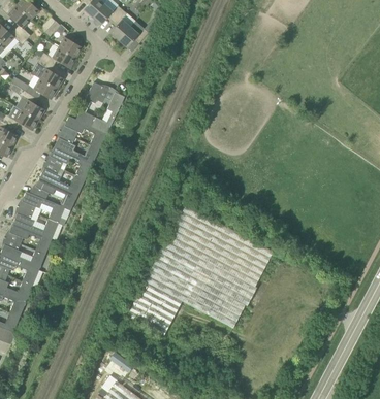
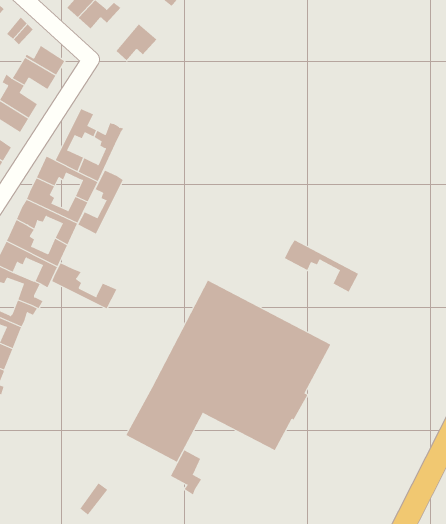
building: [108,9,134,40] -> none
building: none -> [77,170,124,234]
building: none -> [284,239,359,292]
building: none -> [52,262,117,309]
building: none -> [170,450,202,495]

